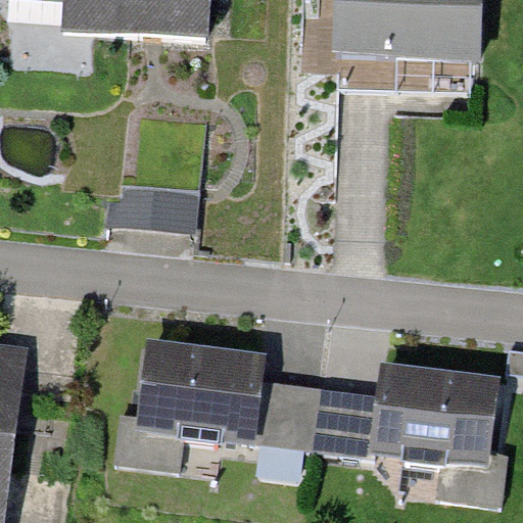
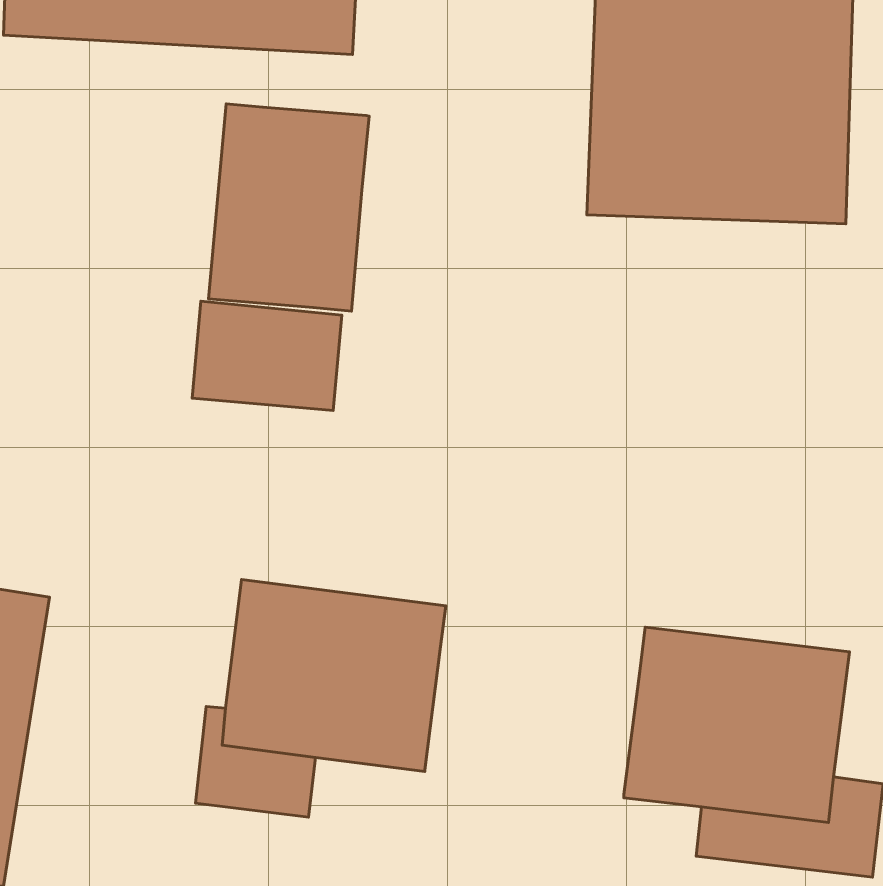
building: none -> [208,104,369,311]
building: [246,375,371,461] -> none

